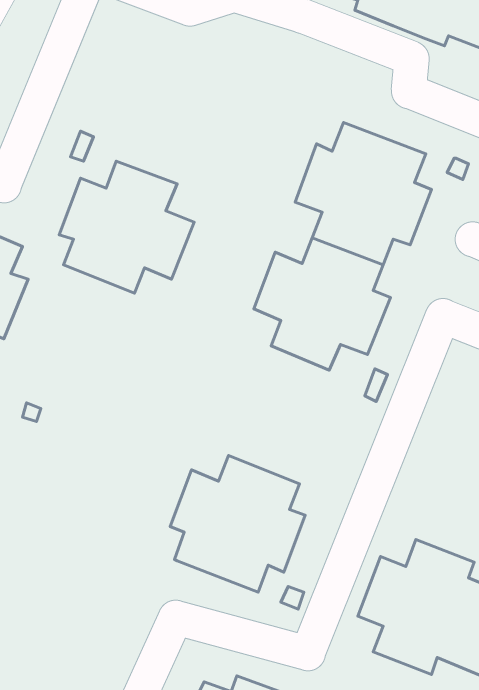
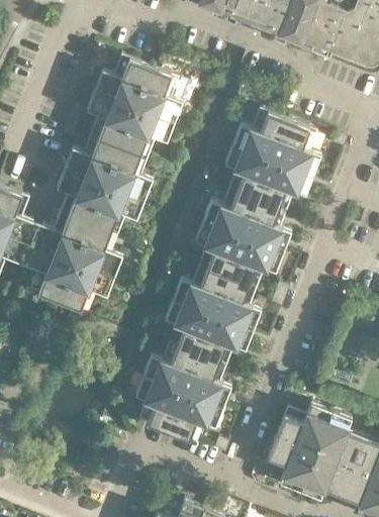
building: none -> [86,56,182,152]
building: none -> [24,210,121,311]
building: none -> [164,268,261,366]

